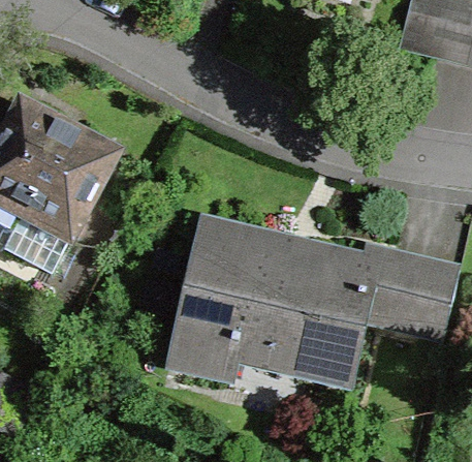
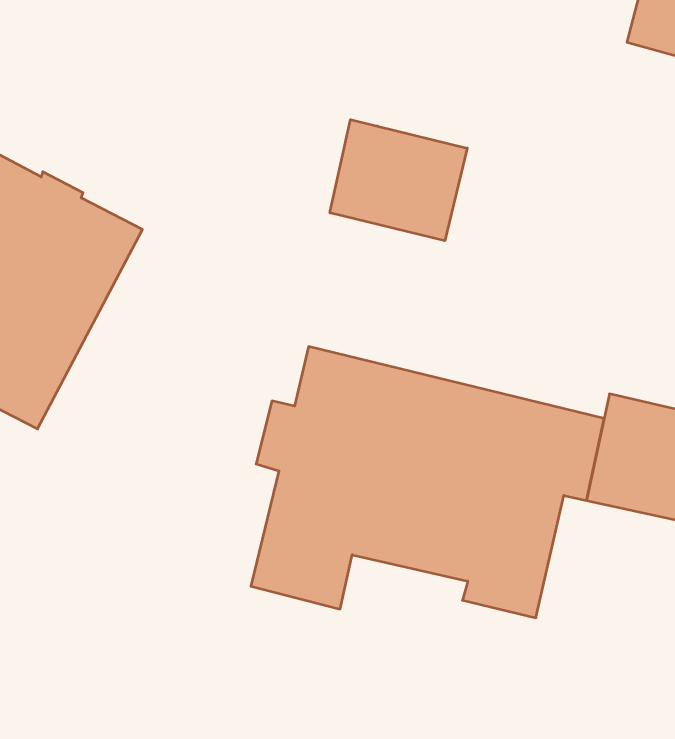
building: none -> [330,120,467,241]

